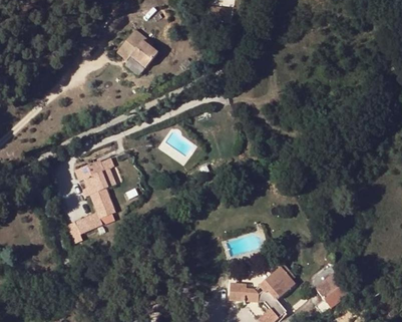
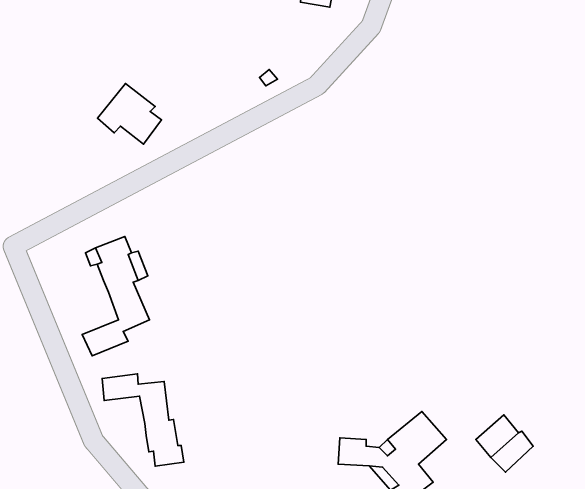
building: [117,30,156,67] -> [98,84,162,144]
building: none -> [102,374,184,466]

